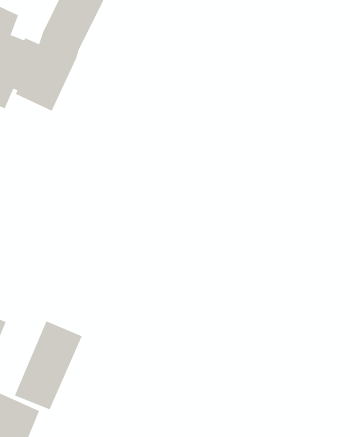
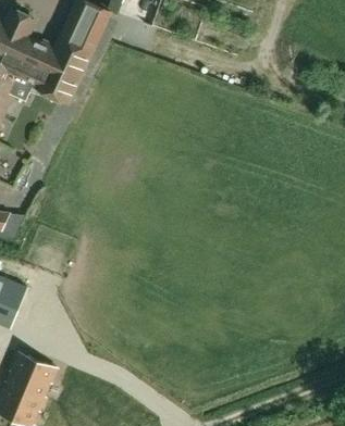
building: [14,320,82,410] -> none

